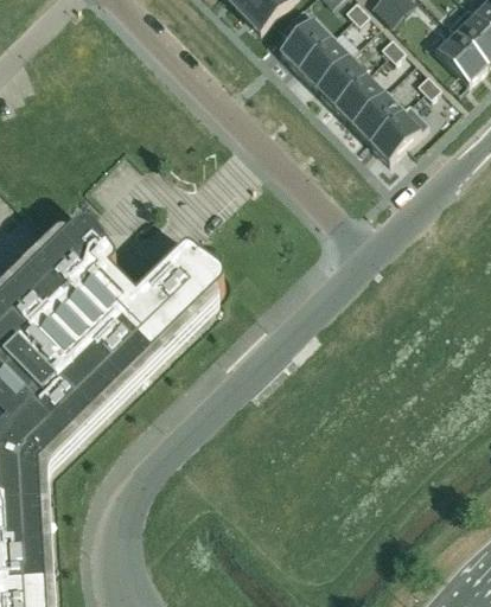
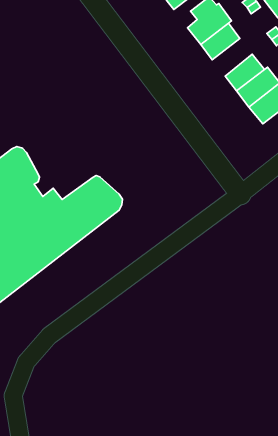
building: [314,55,364,104] -> none

